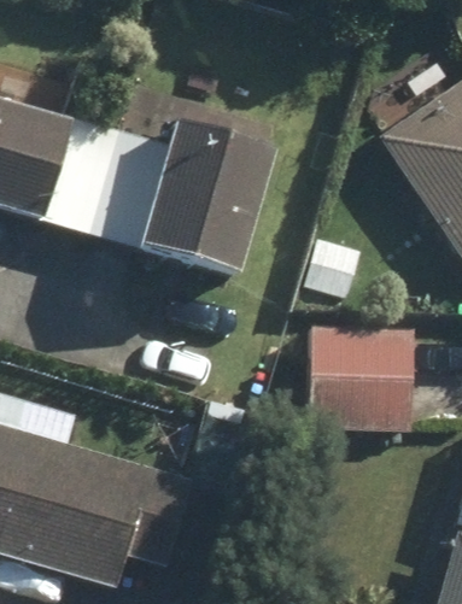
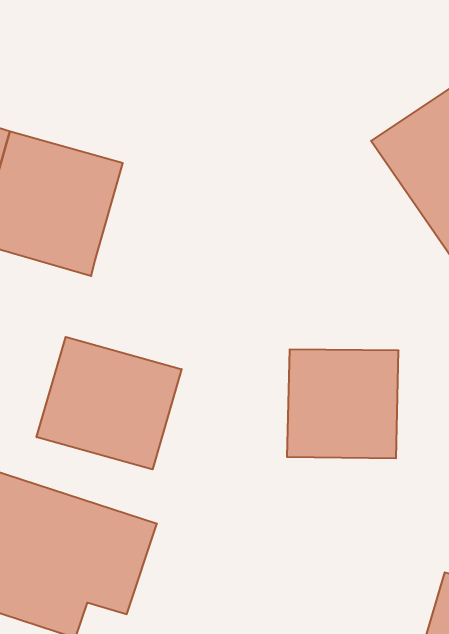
building: [128,128,263,293] -> none
building: none -> [37,337,182,469]

